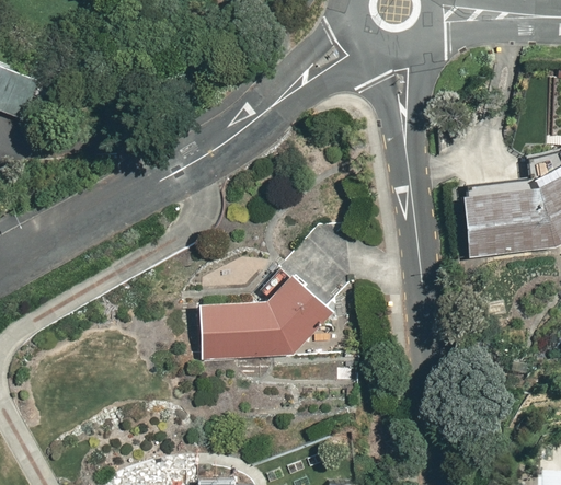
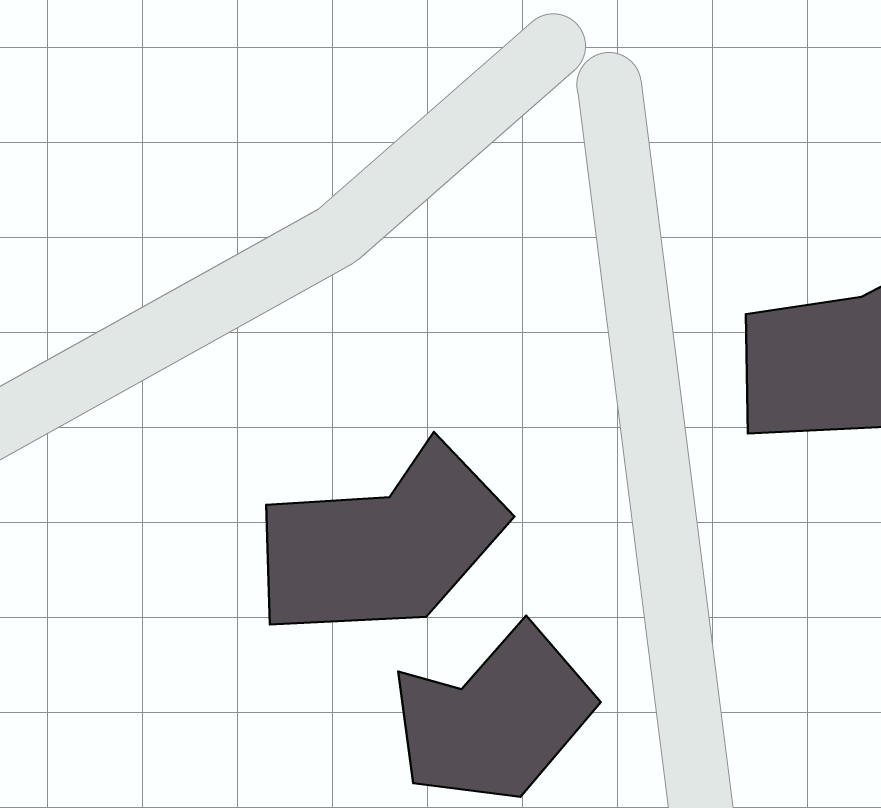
building: none -> [398,616,601,797]

